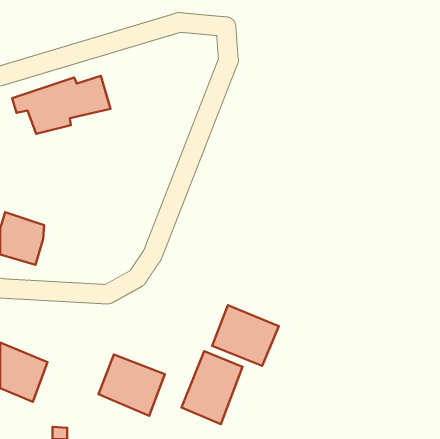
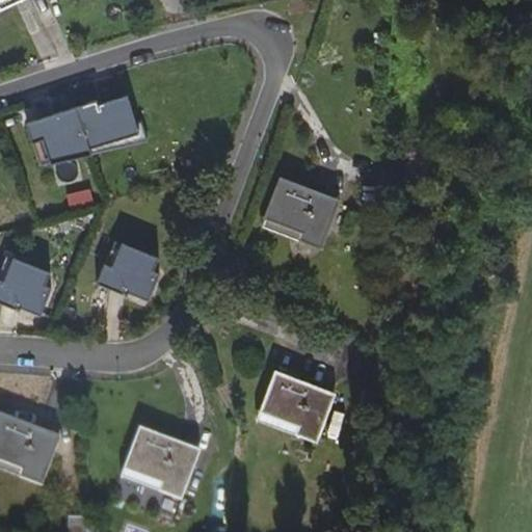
building: none -> [261,176,340,247]
building: none -> [97,240,164,303]
building: [181,351,243,424] -> none

